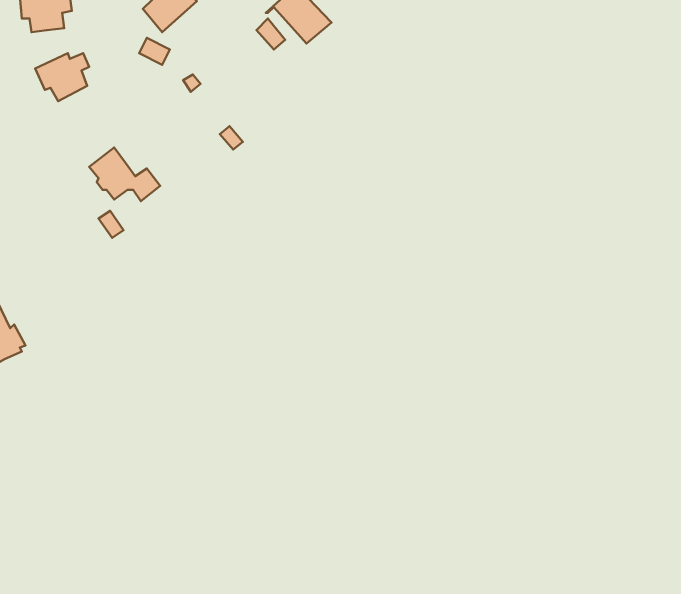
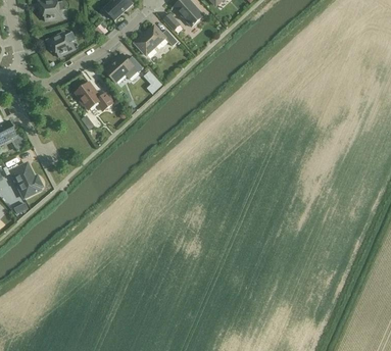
building: none -> [135,23,178,54]
building: none -> [104,52,143,81]

